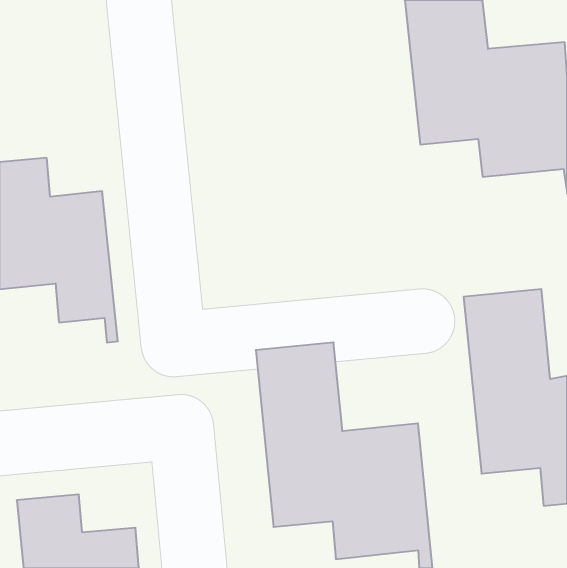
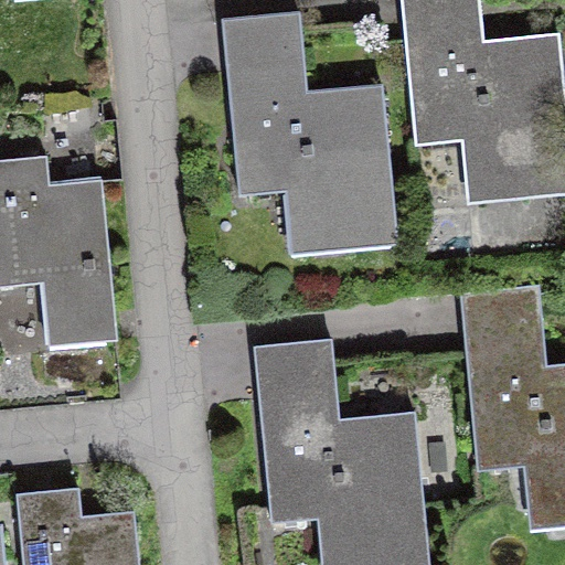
building: none -> [222,12,397,244]

